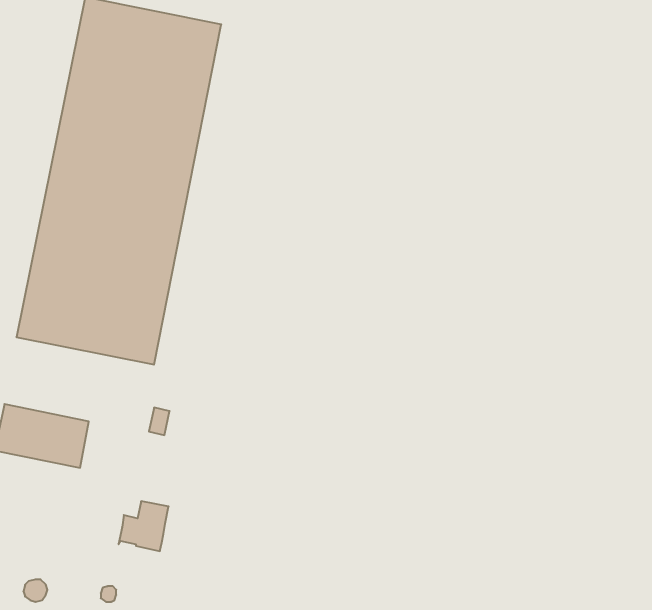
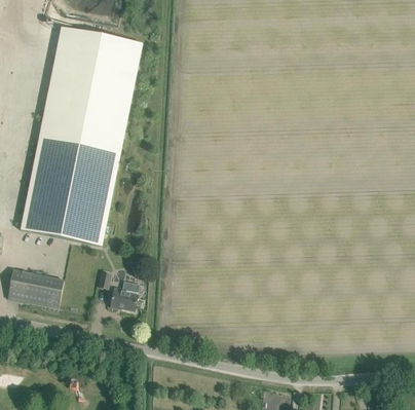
building: [119,501,169,551] -> [110,281,140,310]

